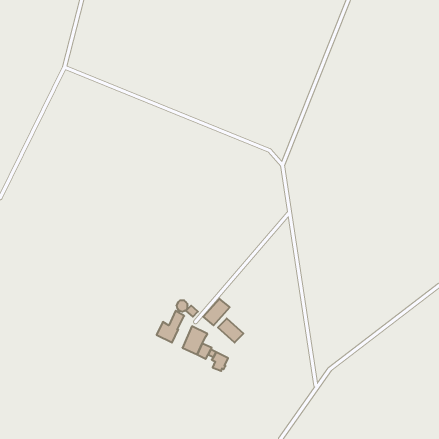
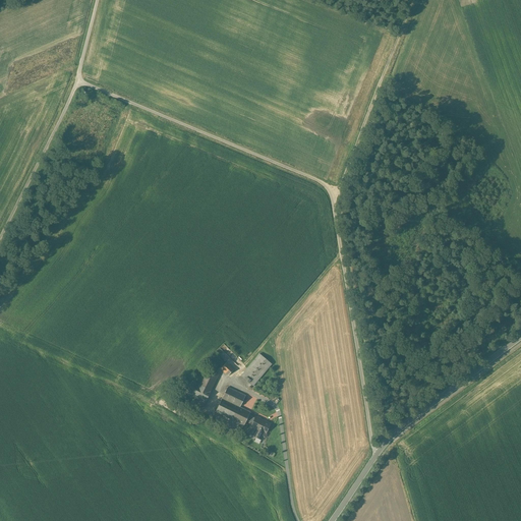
building: [218,318,243,343] -> none

